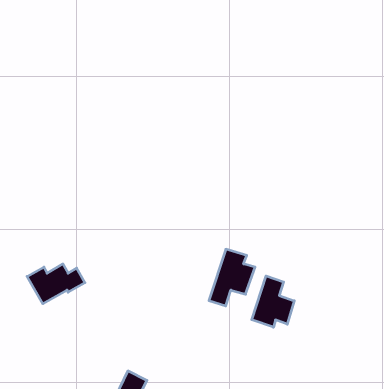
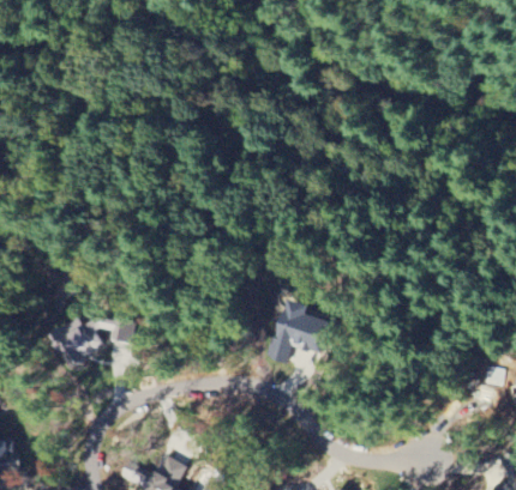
building: [252,276,294,327] -> none

